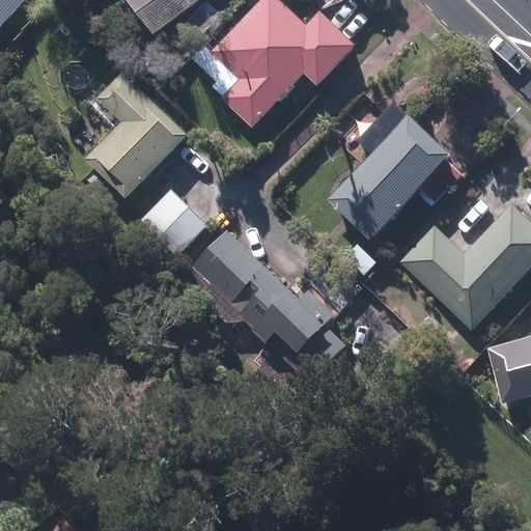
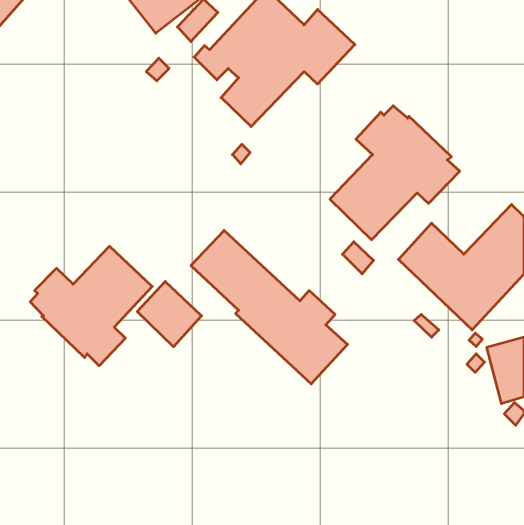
building: [86,74,187,198] -> none
building: [140,189,204,254] -> [137,281,202,347]
building: none -> [30,246,152,366]

